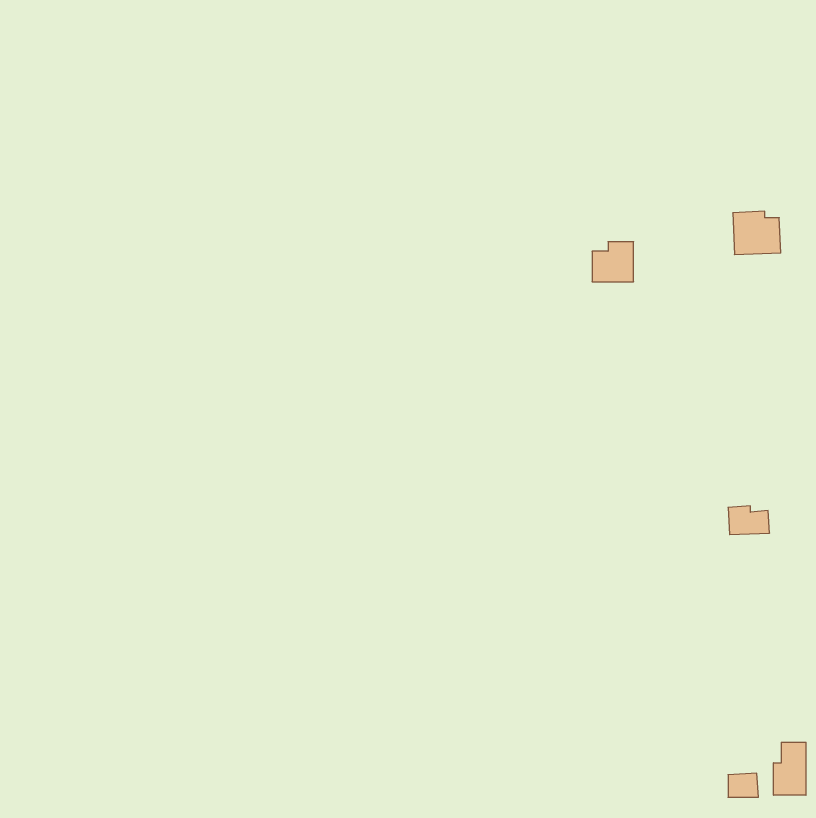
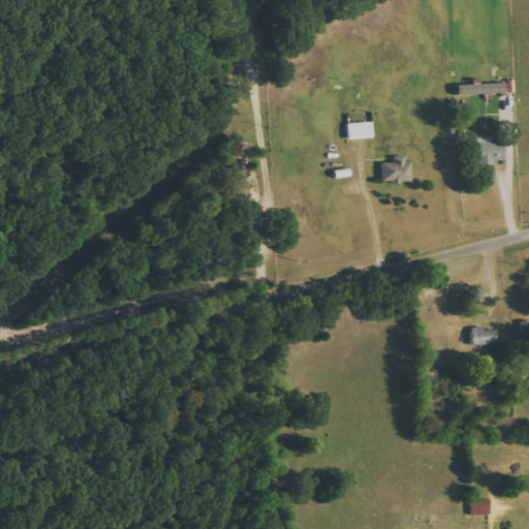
building: none -> [347,122,373,138]
building: [774,742,806,795] -> none

